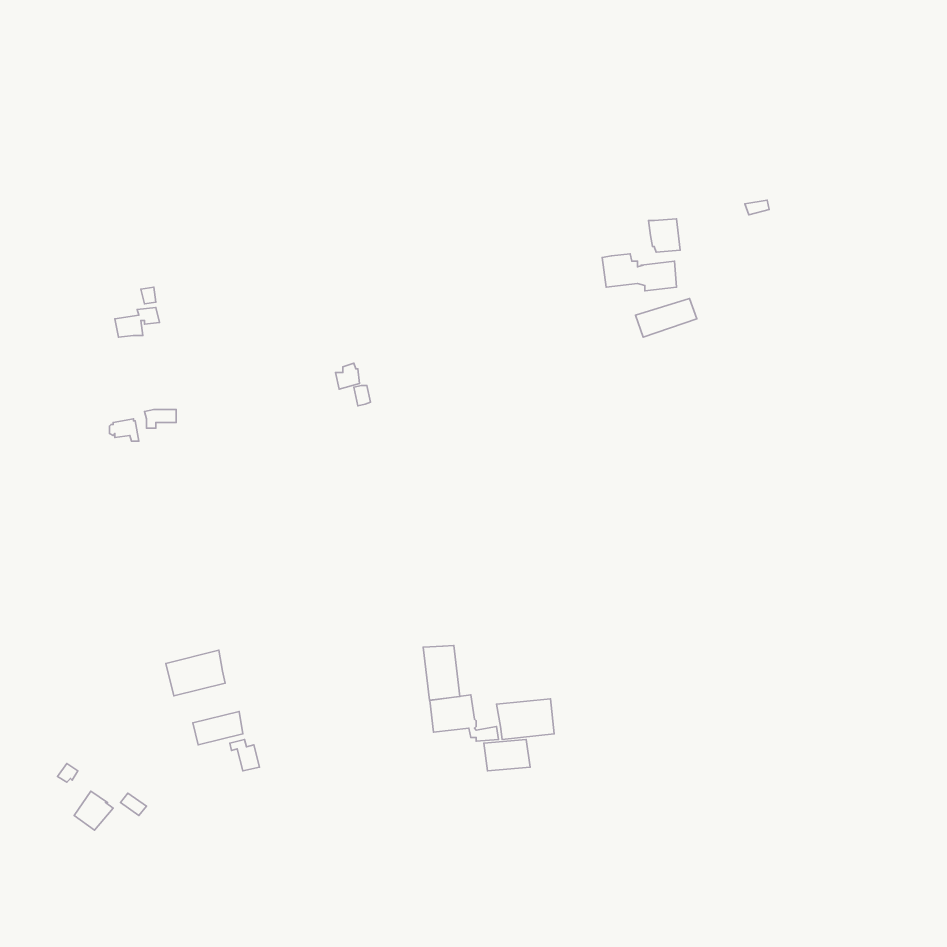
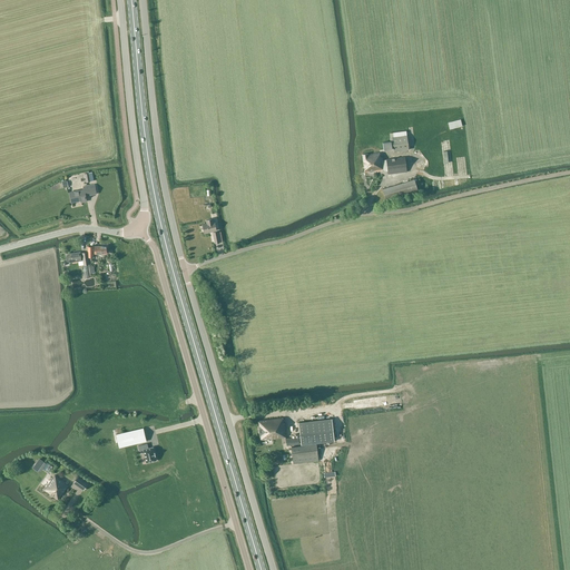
building: [423,645,460,700] -> none
building: [166,650,225,696] -> none

